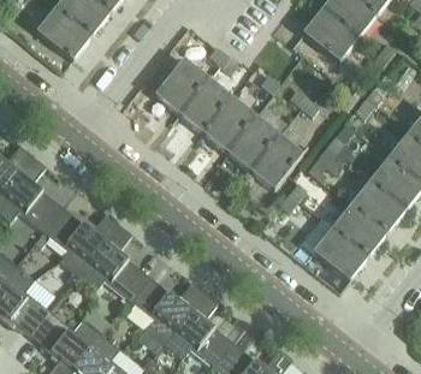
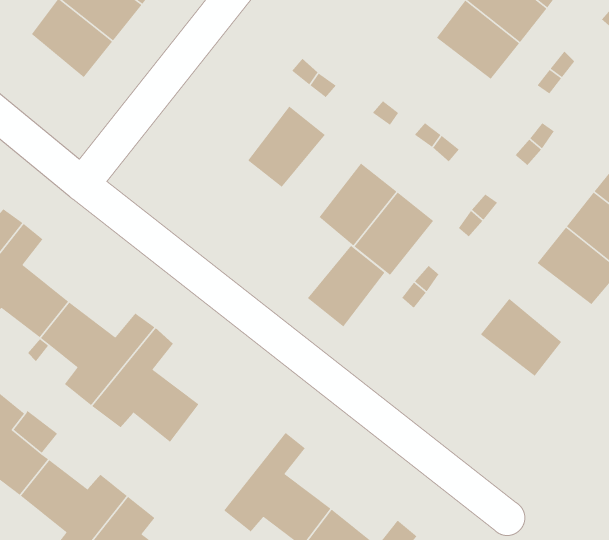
building: [155,59,207,114] -> none
building: [202,97,254,152] -> [307,245,386,327]
building: [351,182,405,233] -> none
building: [313,228,368,280] -> none
building: [129,274,204,344] -> none

